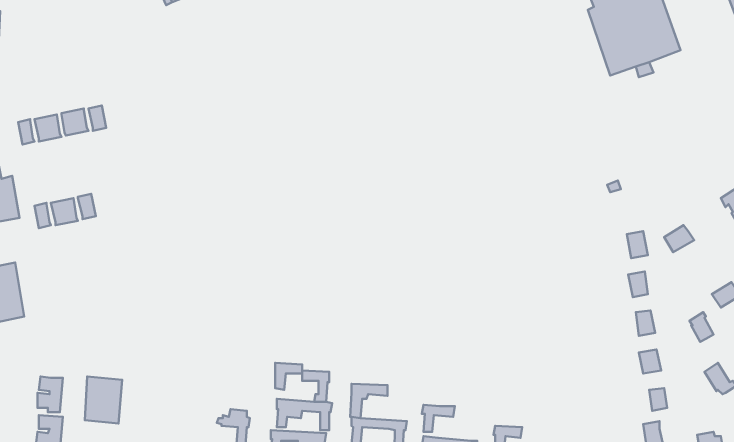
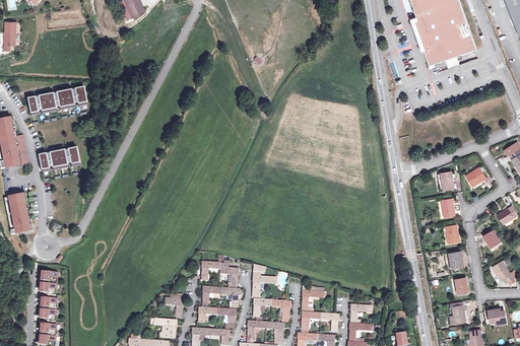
building: [85,377,122,423] -> none

